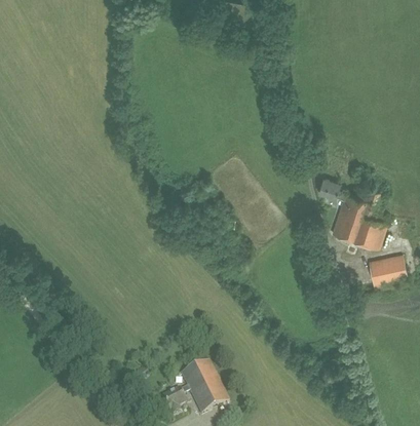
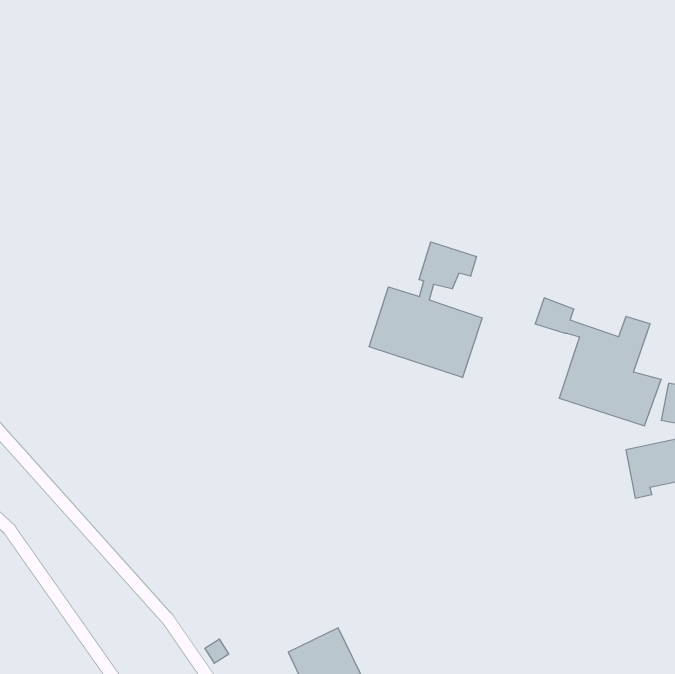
building: none -> [369,242,482,378]

